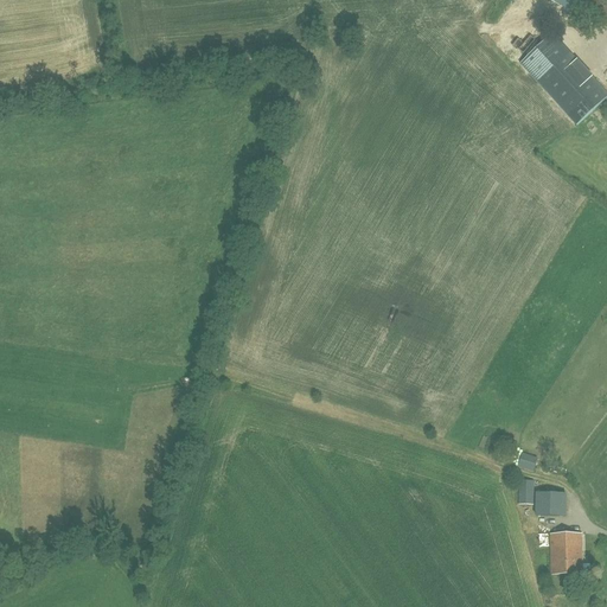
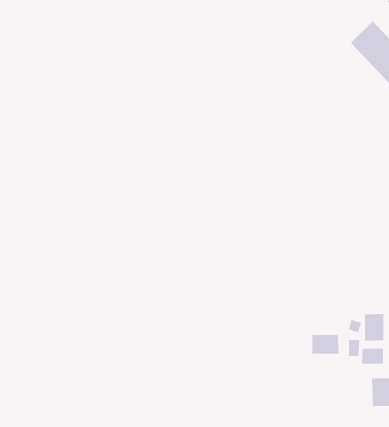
building: none -> [365,313,384,342]
building: none -> [312,334,339,355]

